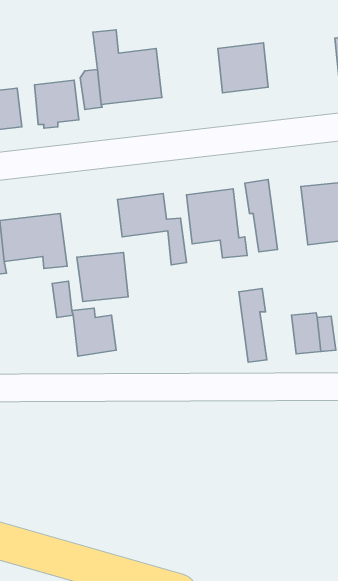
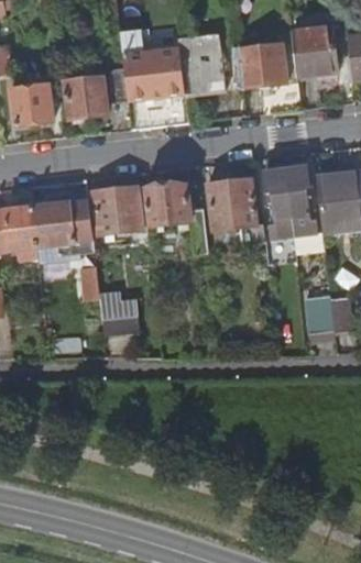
building: none -> [292,26,336,76]
building: none -> [179,35,226,95]
building: [77,252,128,302] -> [94,187,142,233]
building: [239,288,267,362] -> [285,166,311,235]

